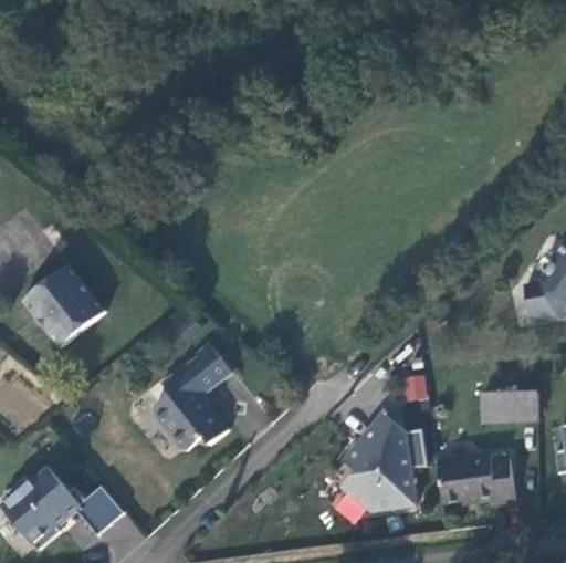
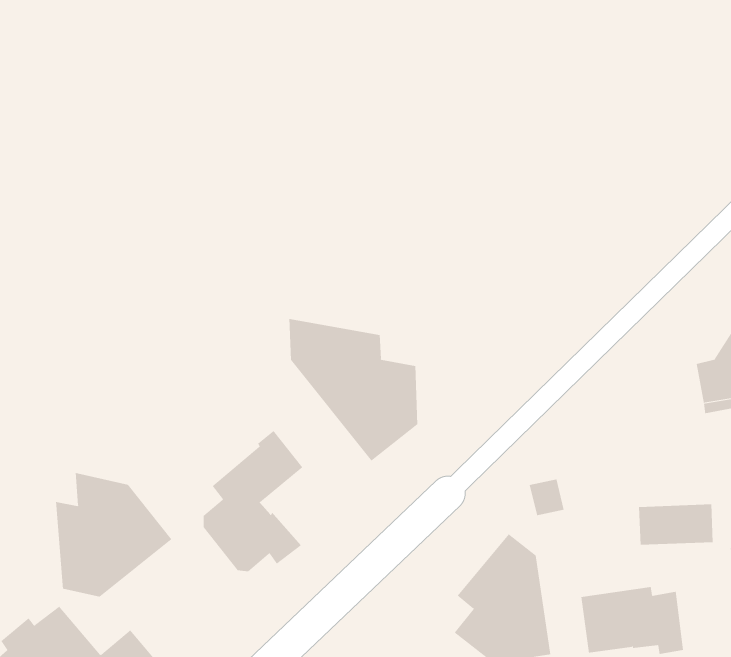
building: none -> [289,318,418,461]
building: [21,262,99,342] -> none
building: none -> [56,472,172,597]

